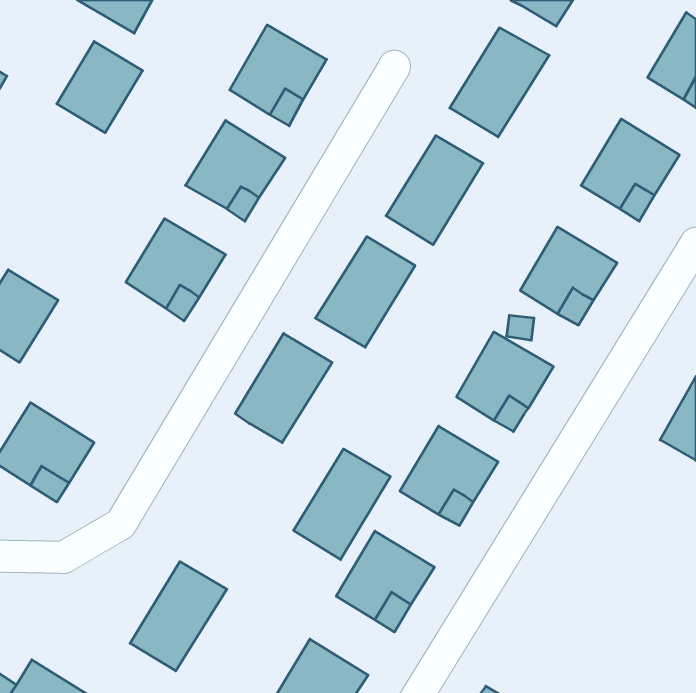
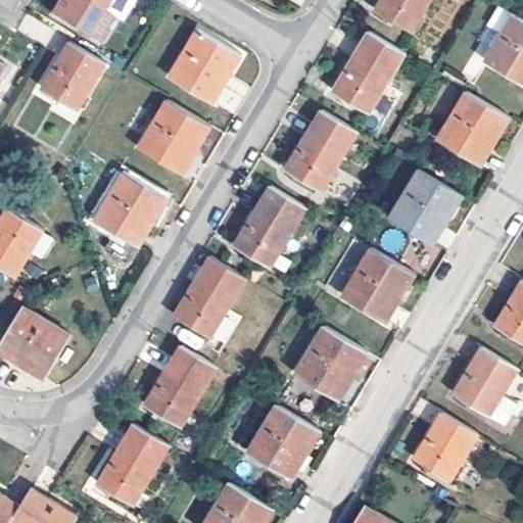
building: [294,449,390,560] -> [144,345,216,427]
building: none -> [445,356,510,424]
building: none -> [407,420,471,488]

